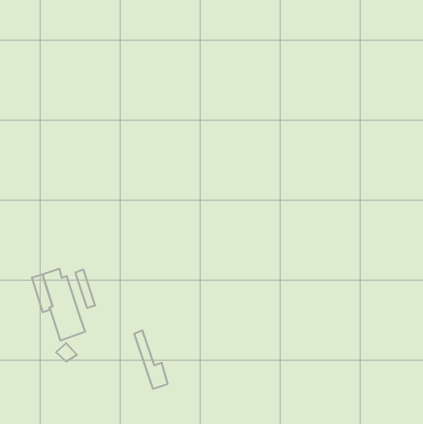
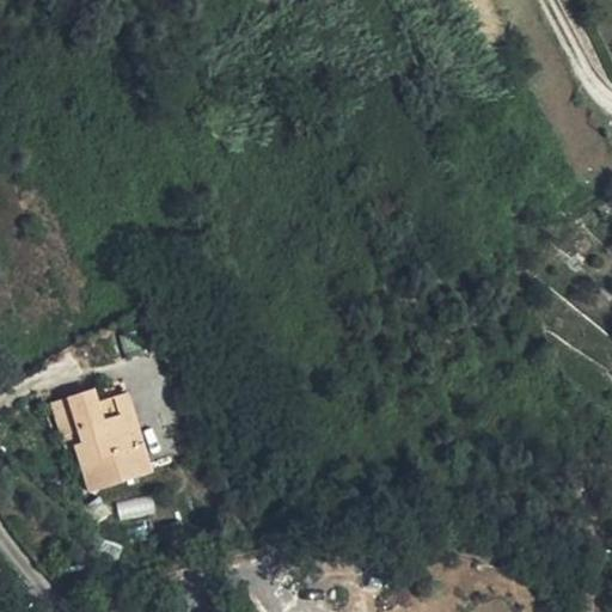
building: [134,330,168,389] -> [102,394,149,478]

